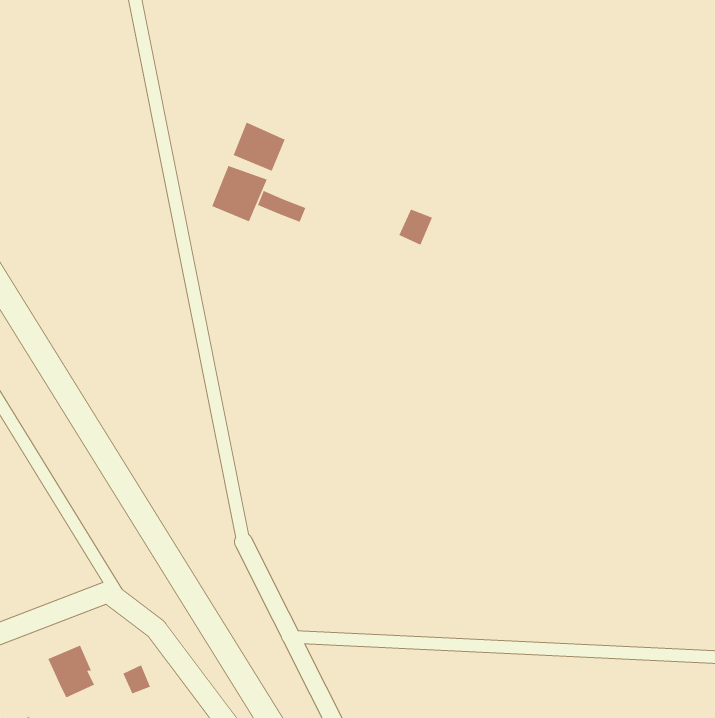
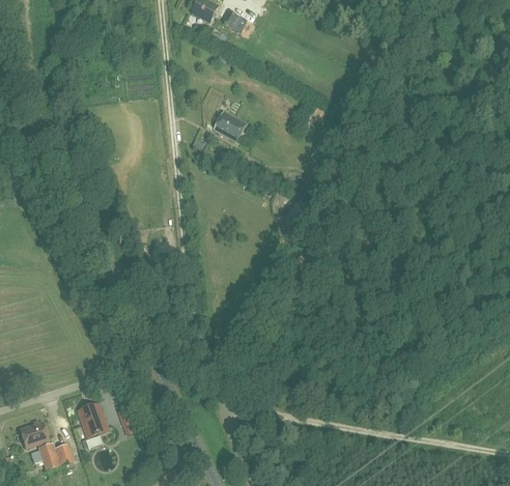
building: [211,165,268,222] -> none

